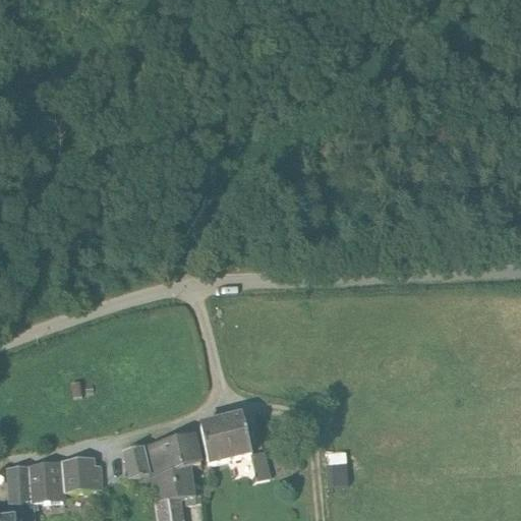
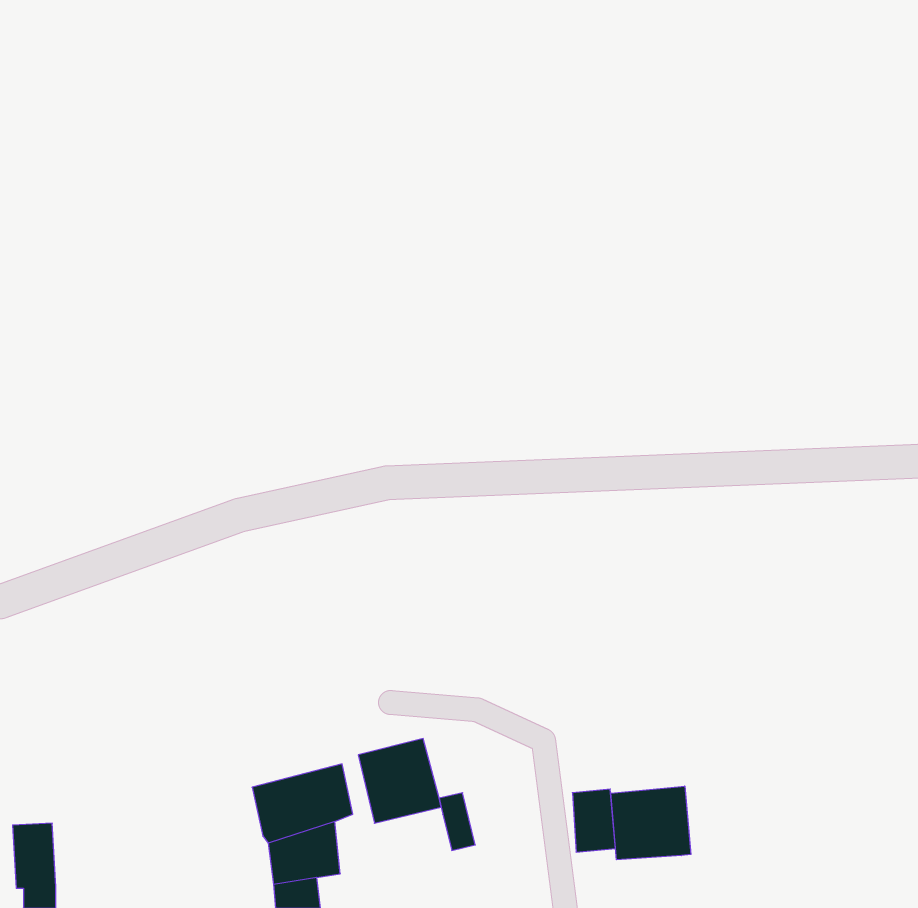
building: none -> [611,786,691,860]
building: [123,445,150,477] -> none
building: [31,457,101,501] -> none

